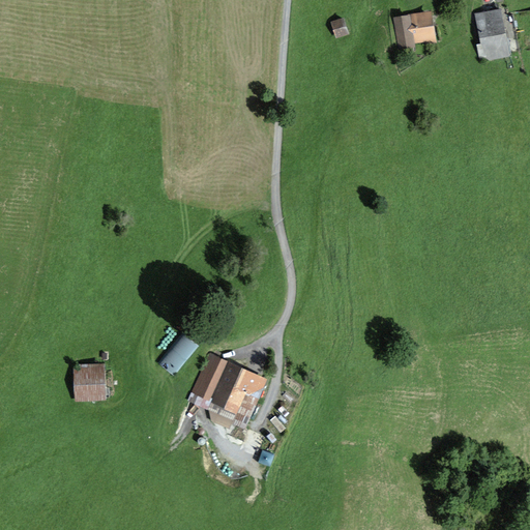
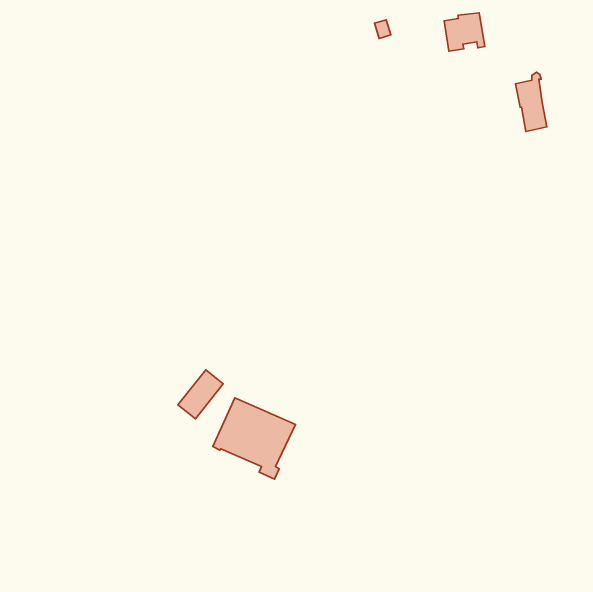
building: [478,5,506,58] -> [516,72,547,131]
building: [77,370,102,395] -> none

